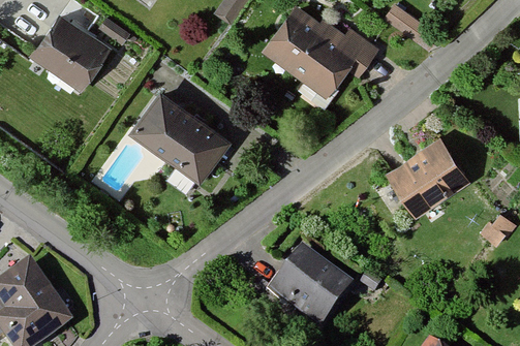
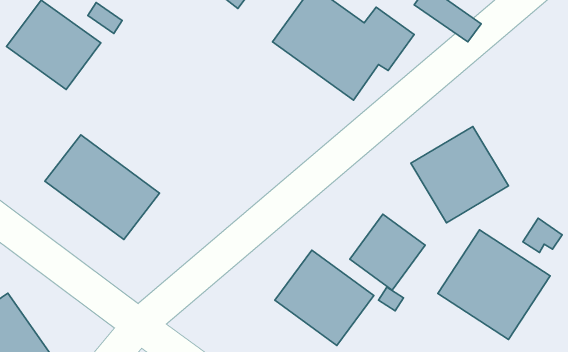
building: [133,95,233,186] -> [45,135,159,240]
building: none -> [350,214,425,290]
building: none -> [438,230,550,340]

